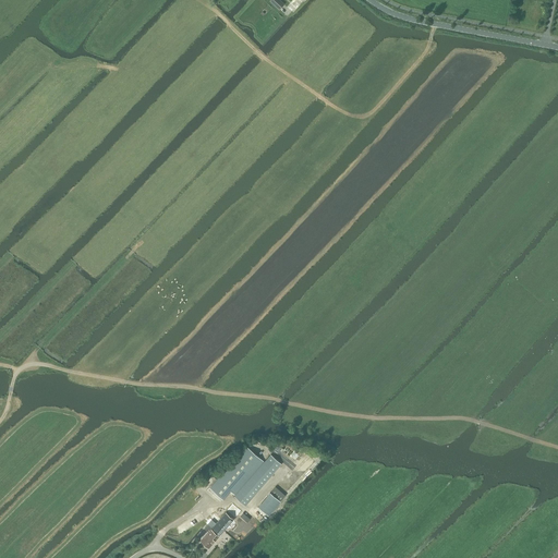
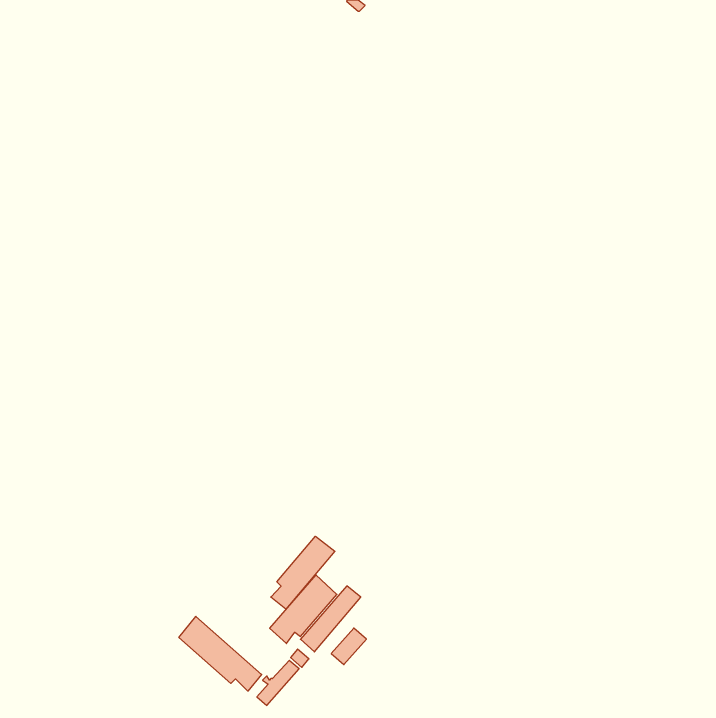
building: none -> [271,536,335,609]
building: none -> [179,616,262,691]

